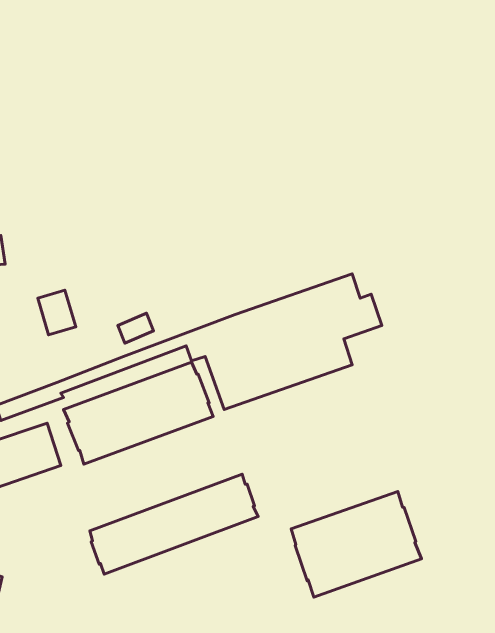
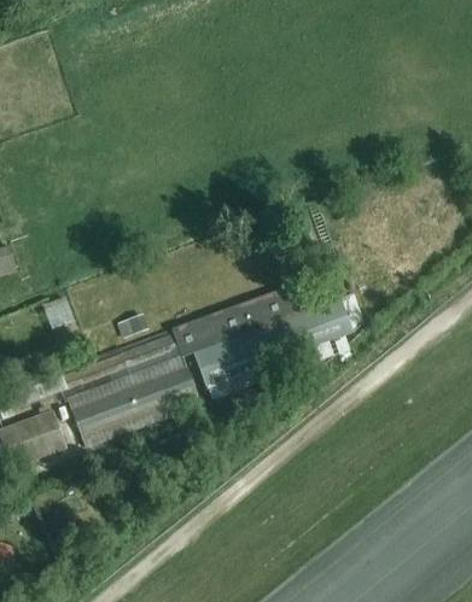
building: [90,474,258,574] -> none
building: [291,491,421,597] -> none

